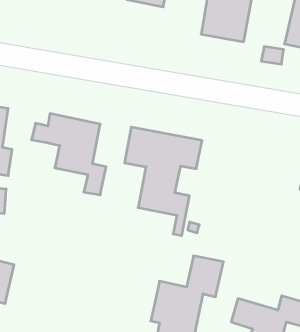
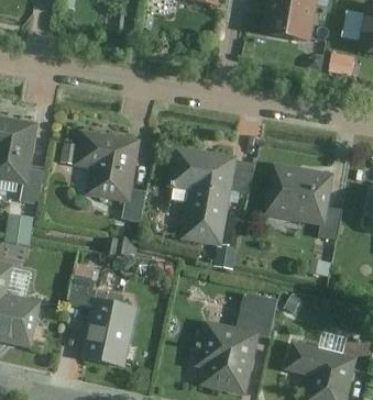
building: none -> [262,164,342,238]
building: none -> [68,275,135,365]

